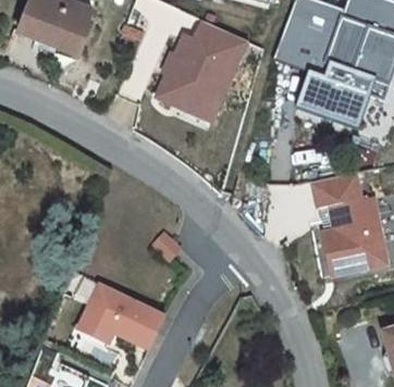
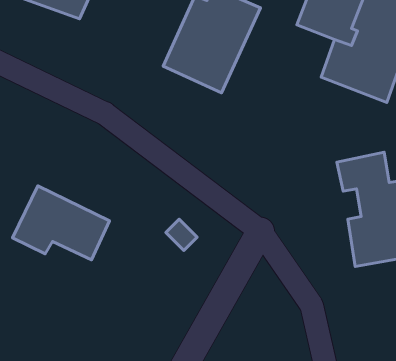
building: [77,280,164,347] -> [12,186,110,260]

